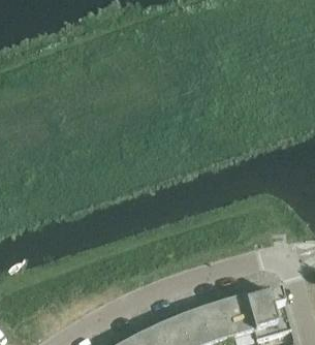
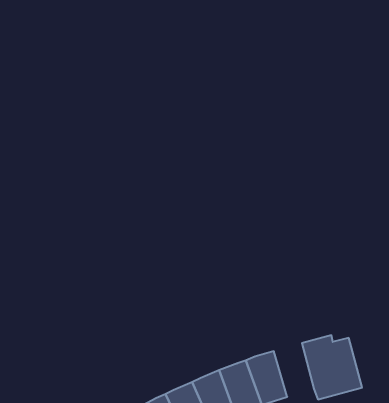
building: [219,295,250,337] -> none

